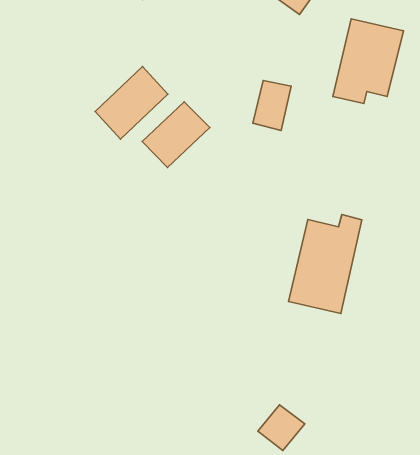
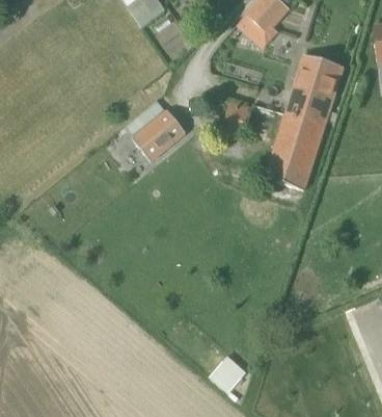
building: [95,66,168,139] -> none
building: [288,215,362,314] -> [266,110,328,188]

